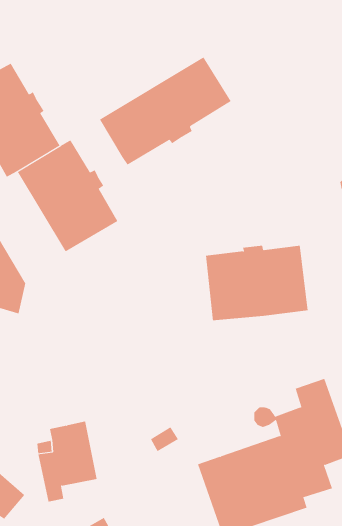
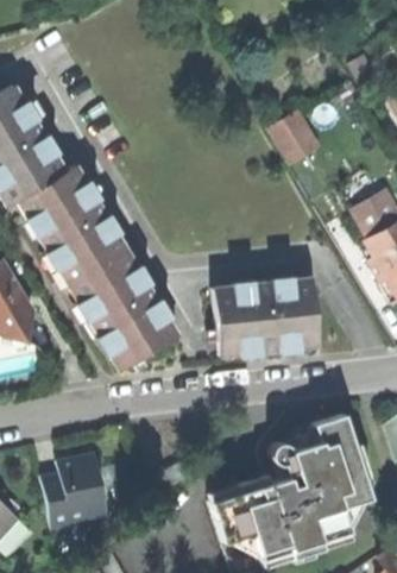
building: [99,57,232,166] -> none
building: none -> [270,113,322,166]
building: none -> [73,248,178,366]

